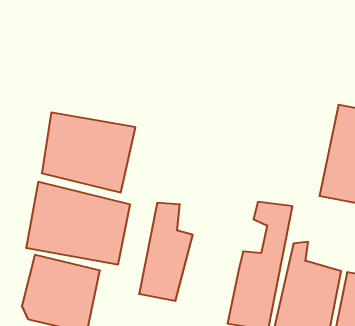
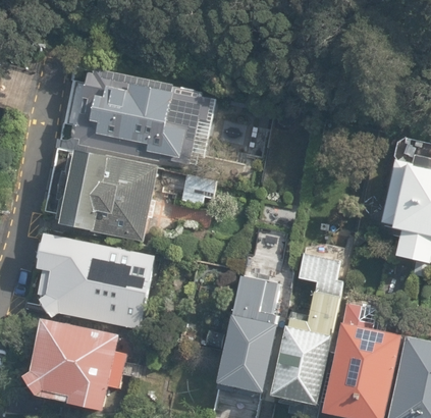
building: none -> [73,66,211,168]
building: [139,203,193,301] -> [217,278,280,394]

